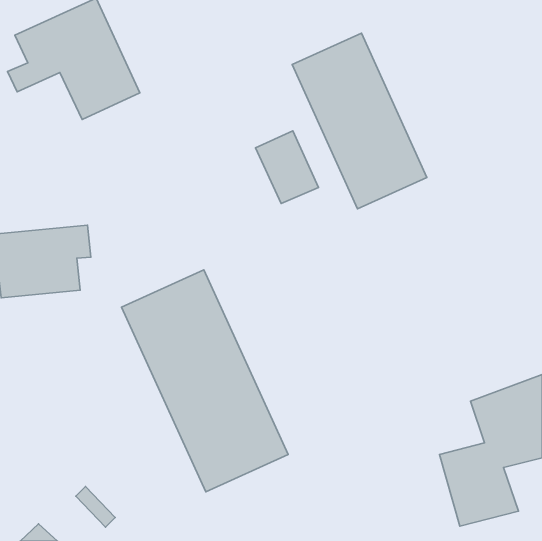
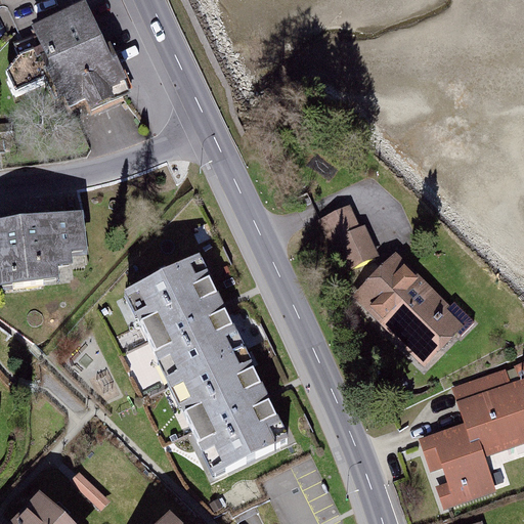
building: [292,33,427,209] -> none
building: [255,131,318,203] -> [317,201,378,270]
building: none -> [355,253,470,366]

